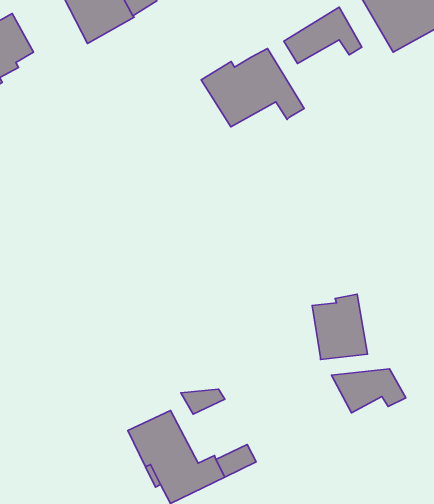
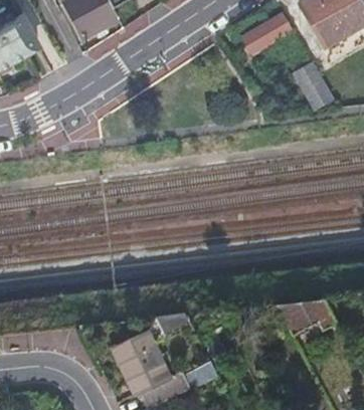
building: [201,48,304,127] -> none
building: none -> [292,59,329,109]
building: [312,294,367,360] -> none

